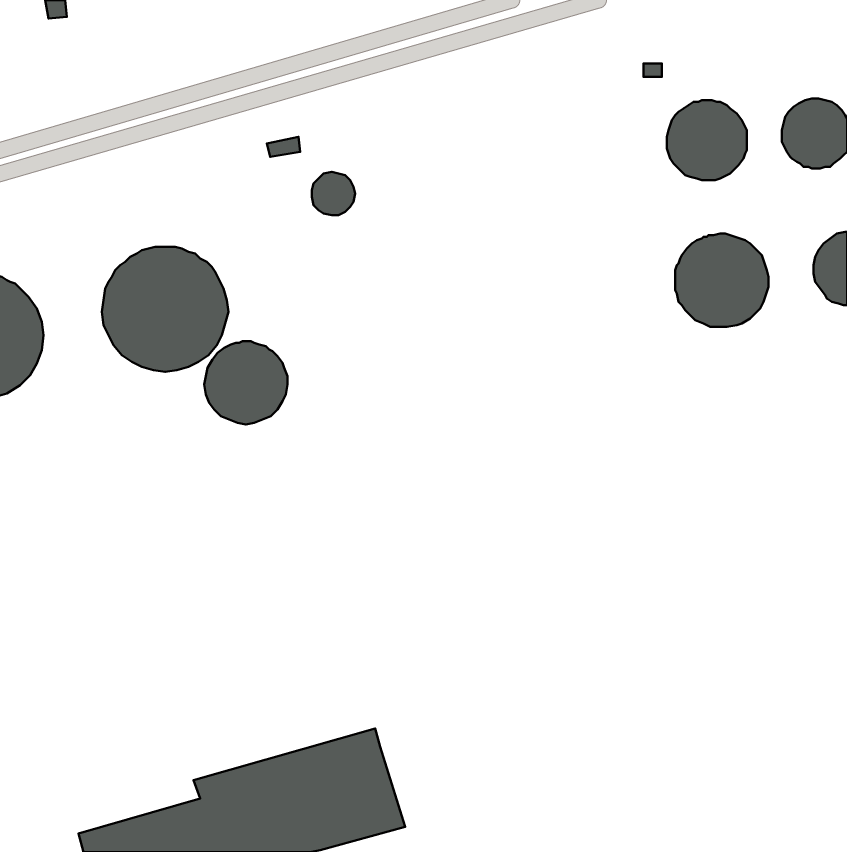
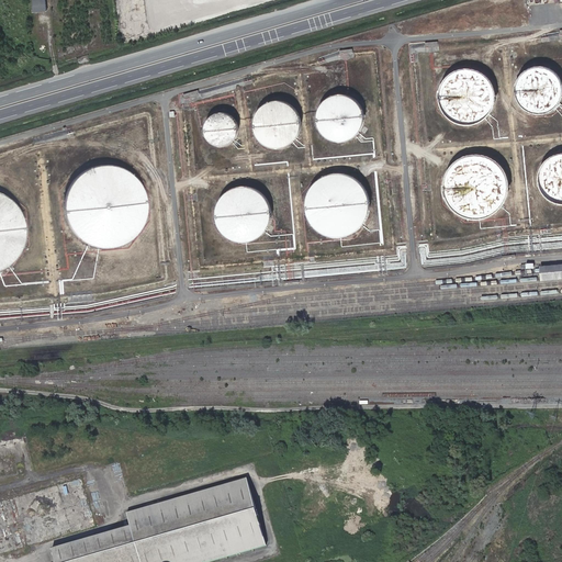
building: none -> [314,95,361,142]
building: none -> [251,100,299,147]
building: none -> [303,173,366,236]
building: [204,341,287,424] -> [213,187,268,241]

